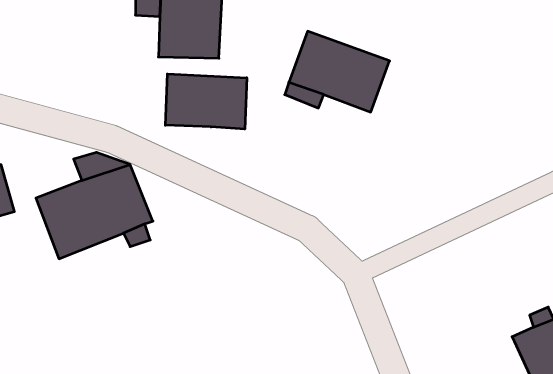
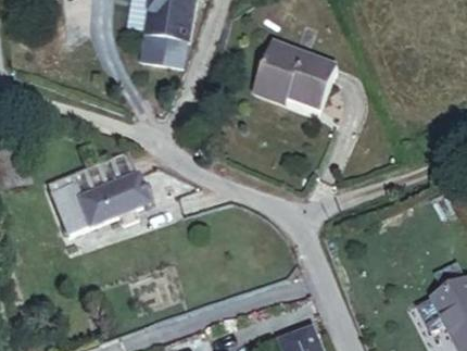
building: [165,74,247,129] -> none

